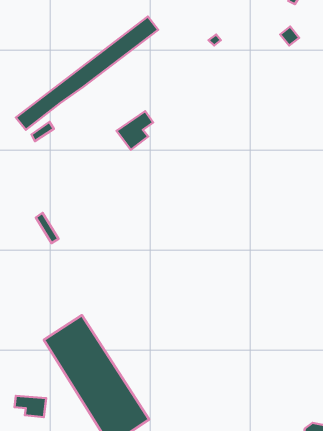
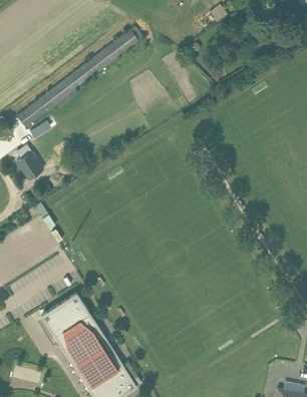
building: [117,111,153,150] -> none
building: none -> [16,144,42,178]

